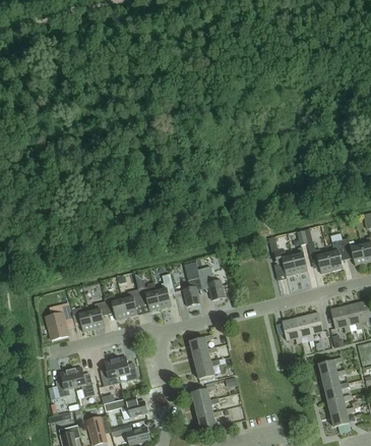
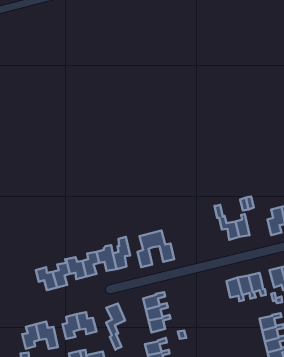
building: [307,243,331,274] -> none
building: [45,302,72,340] -> none
building: none -> [106,303,125,350]

